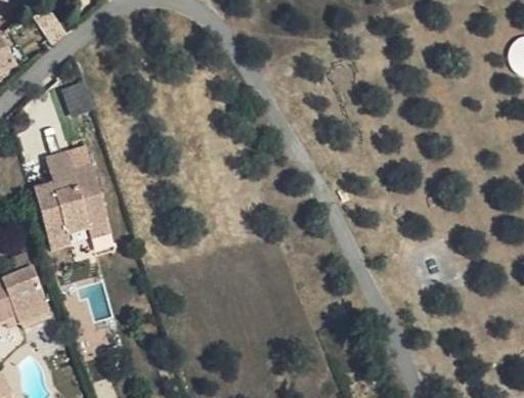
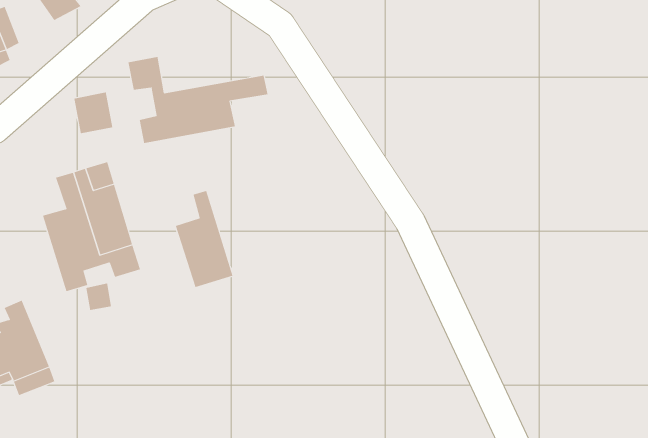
building: none -> [128,56,268,144]
building: none -> [175,190,233,288]

